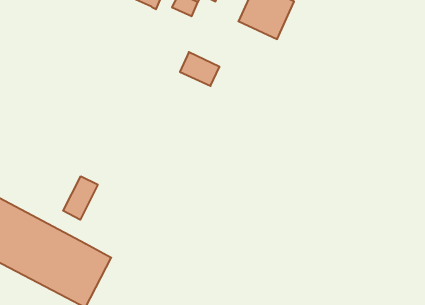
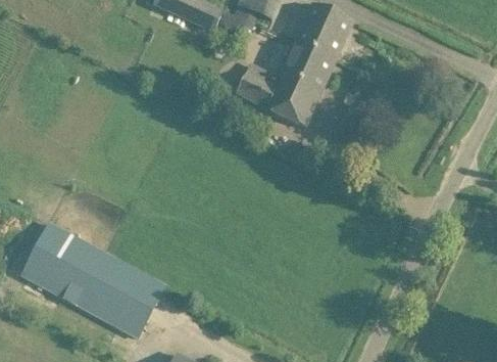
building: none -> [271,41,335,126]
building: [63,176,98,220] -> none

